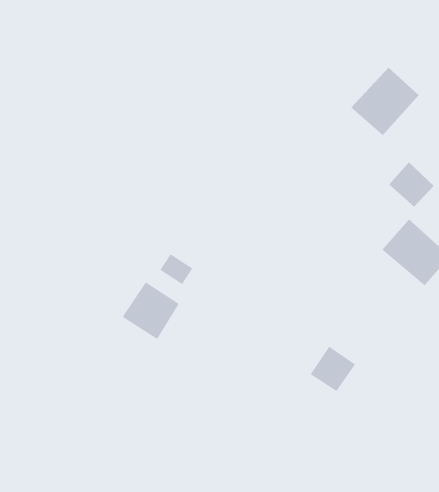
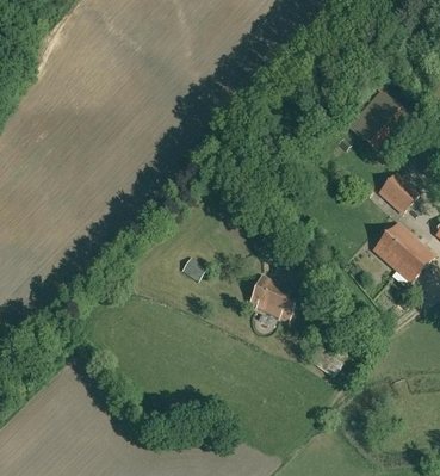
building: none -> [248,276,300,322]
building: [122,282,179,340] -> none

